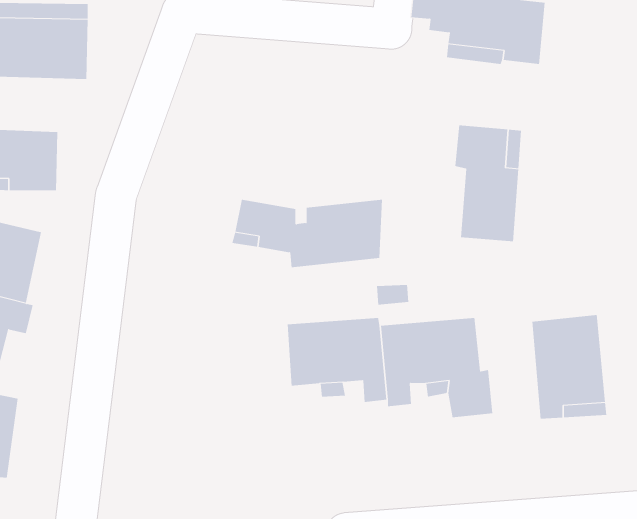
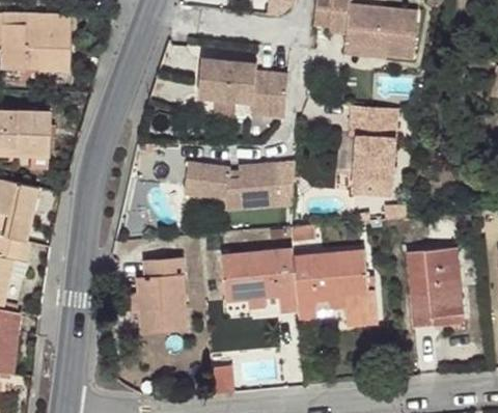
building: none -> [198,58,288,117]
building: none -> [138,258,186,331]

